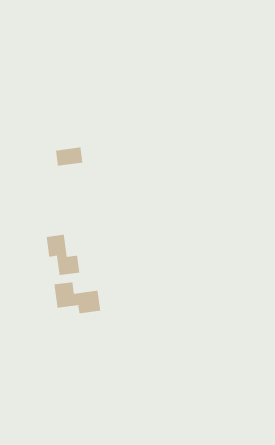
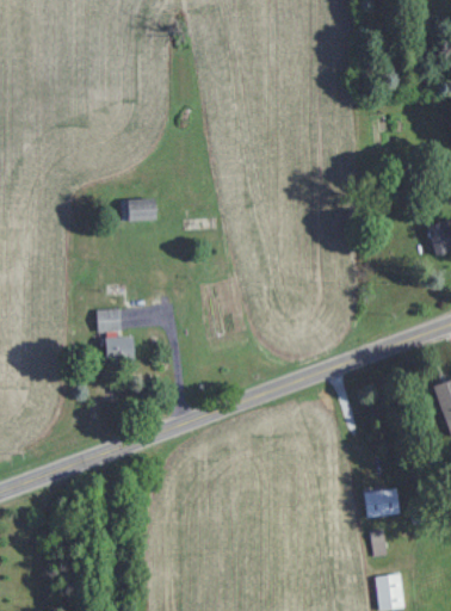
building: [54,281,101,314] -> none

